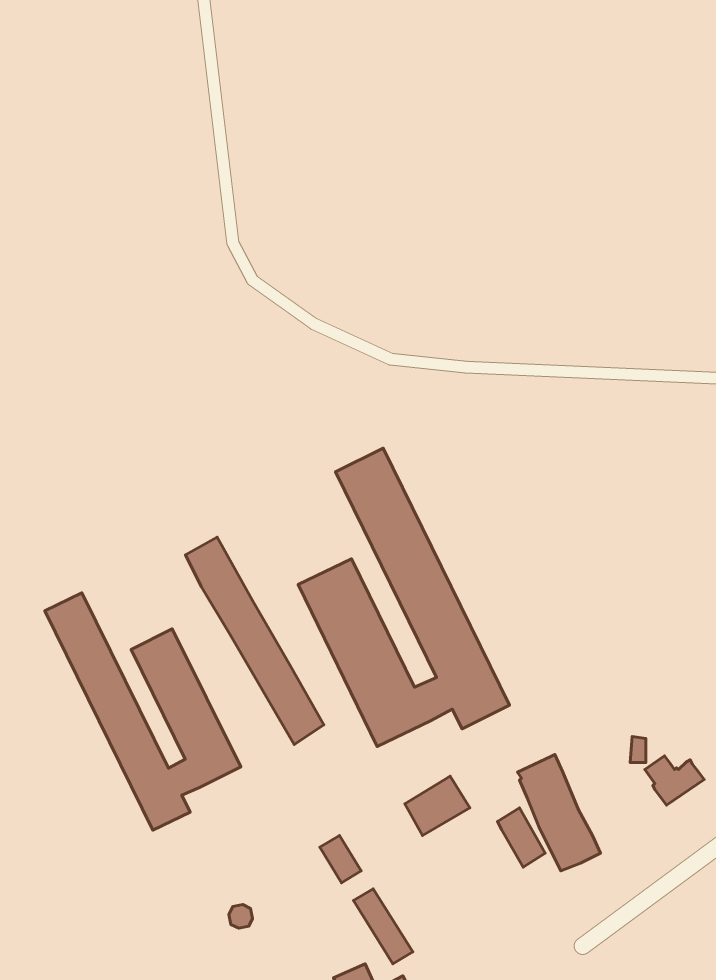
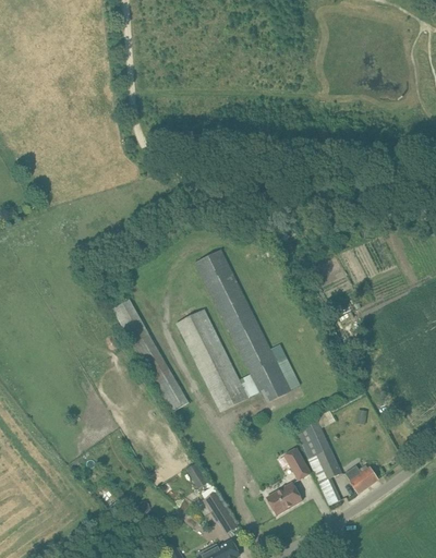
building: [45,593,241,830] -> none
building: [645,756,704,805] -> [346,464,378,492]
building: [405,776,470,835] -> [267,482,303,514]

